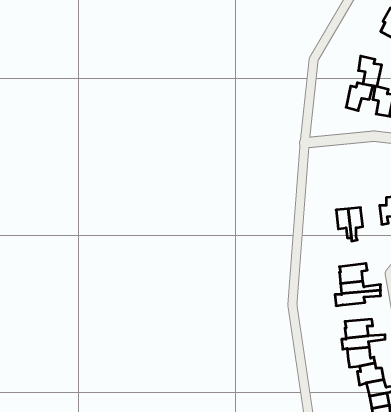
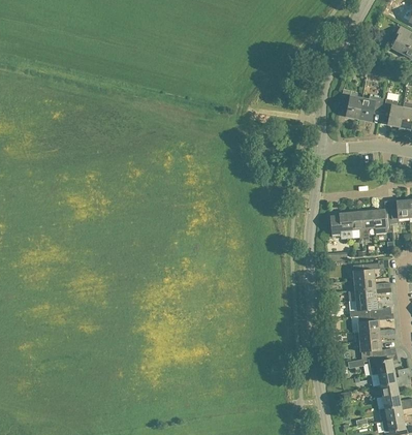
building: [358,56,382,86] -> [342,89,363,117]
building: none -> [373,208,393,234]
building: none -> [330,212,353,239]
building: none -> [350,298,391,316]

